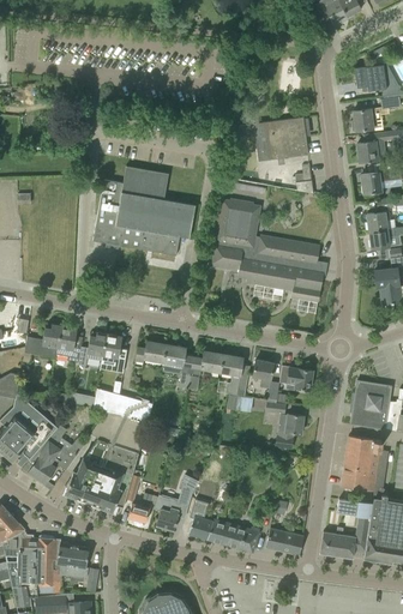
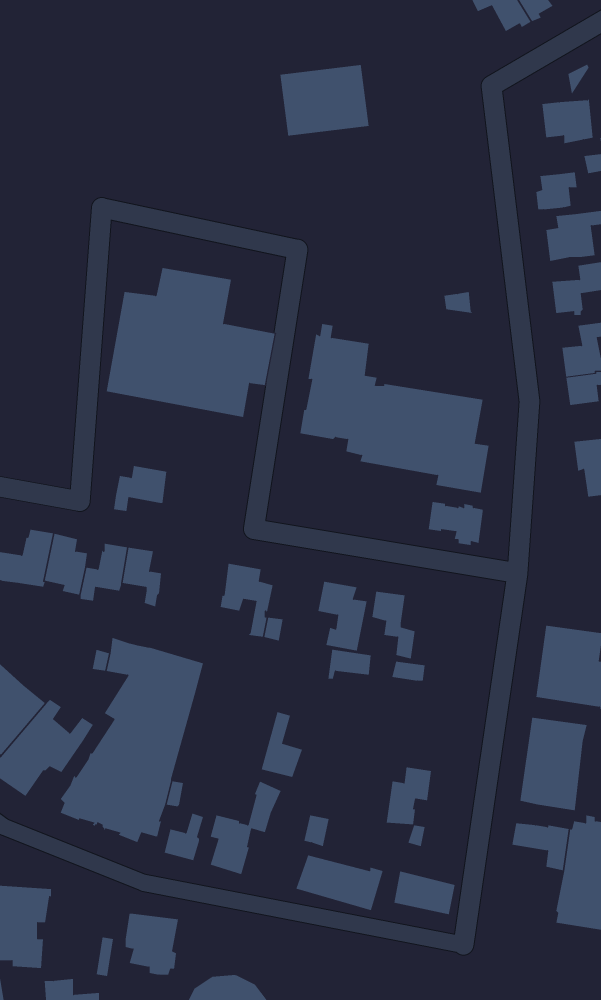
building: [254,119,308,162] -> [280,64,369,136]
building: [134,341,167,368] -> [113,466,167,512]
building: [191,351,224,375] -> none
building: [279,366,313,392] -> [428,502,484,546]
building: [276,414,303,449] -> [386,767,432,825]
building: [188,500,213,540] -> [261,711,303,777]
building: [320,526,368,559] -> none
building: [58,544,90,582] -> [125,913,179,975]

